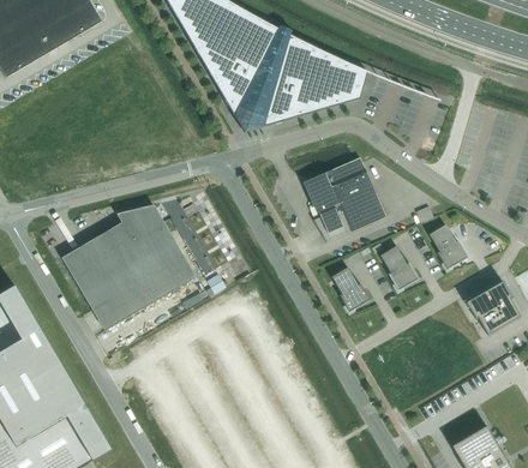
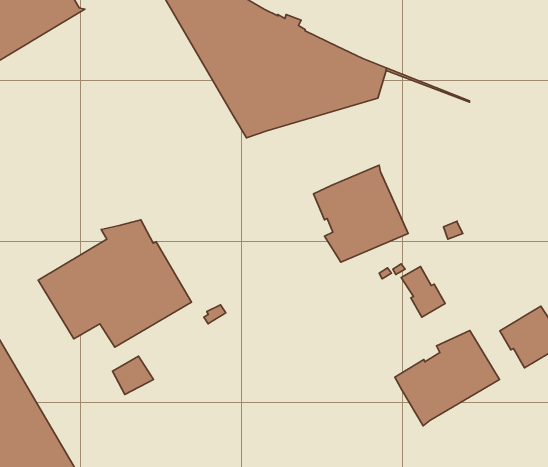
building: [428,223,467,269] -> none
building: [331,266,370,311] -> none
building: [92,295,128,329] -> [112,356,153,395]
building: none -> [395,330,499,426]

